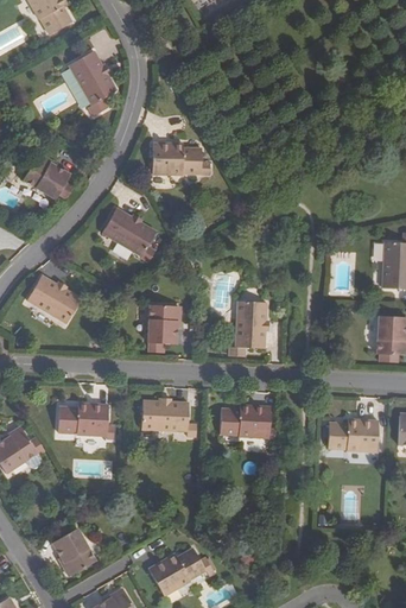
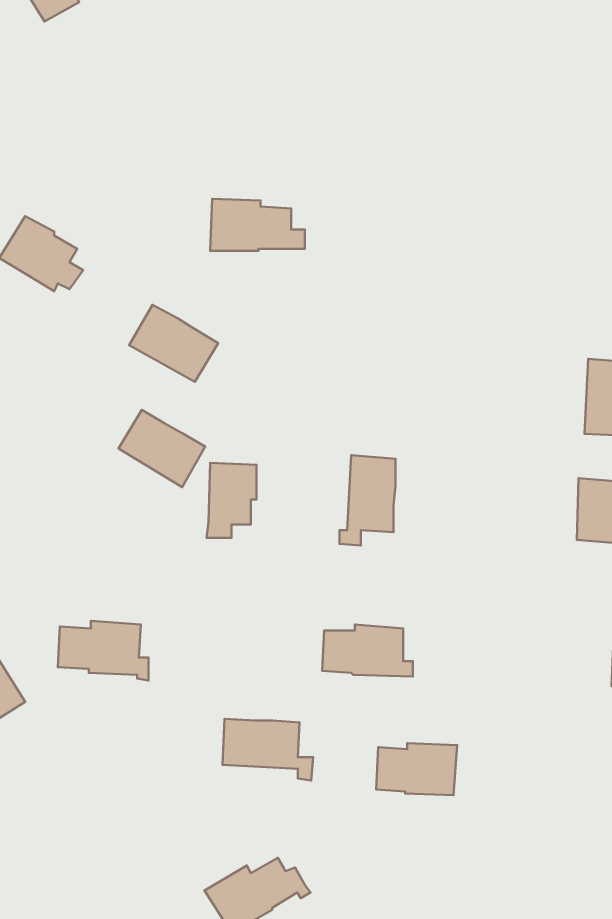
building: [64,50,115,118] -> none
building: [26,276,80,323] -> [119,410,205,487]
building: [140,400,196,438] -> [222,719,313,780]
building: [328,419,378,451] -> [376,743,457,795]
building: [52,528,95,576] -> none

